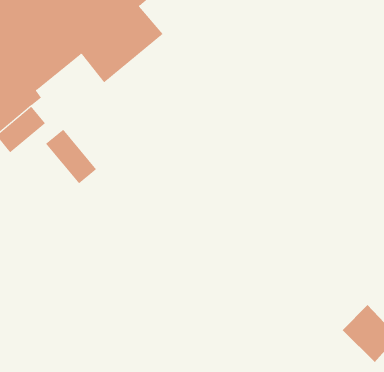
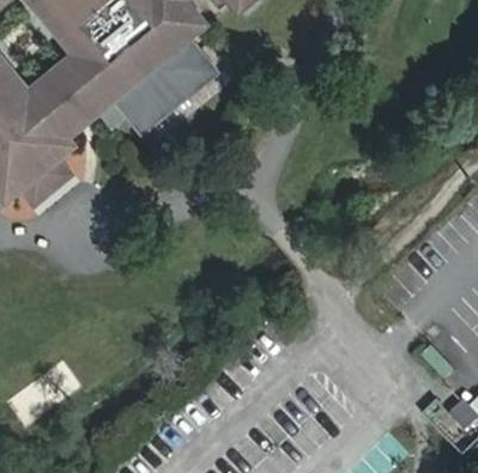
building: [45,129,97,184] -> none

